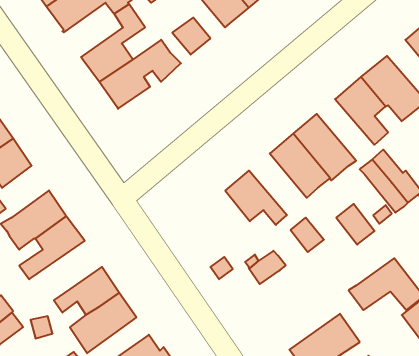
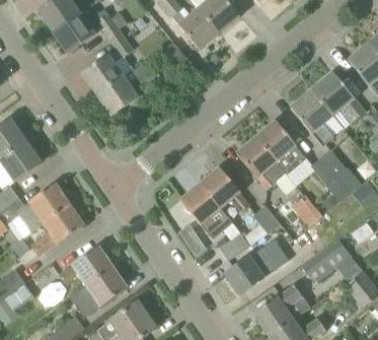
building: none -> [179,183,231,237]
building: none -> [225,239,289,293]

